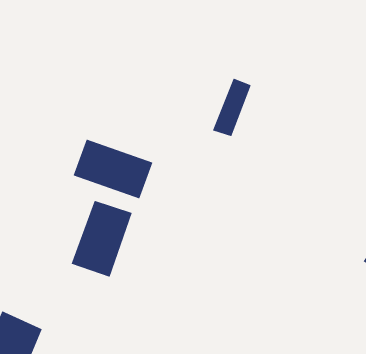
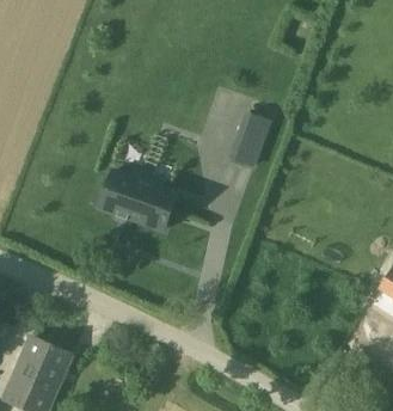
building: [71,200,133,278] -> none

